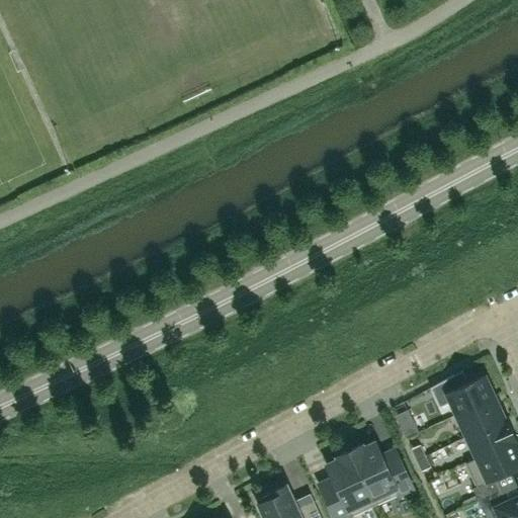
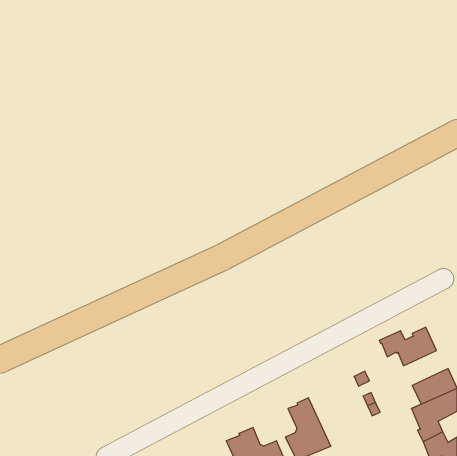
building: [456,398,507,437] -> none
building: [349,442,413,506] -> none

